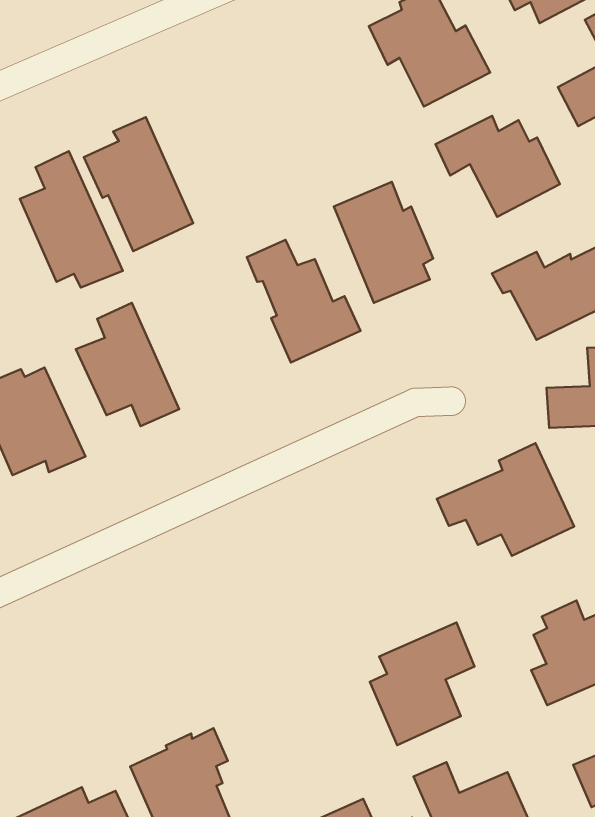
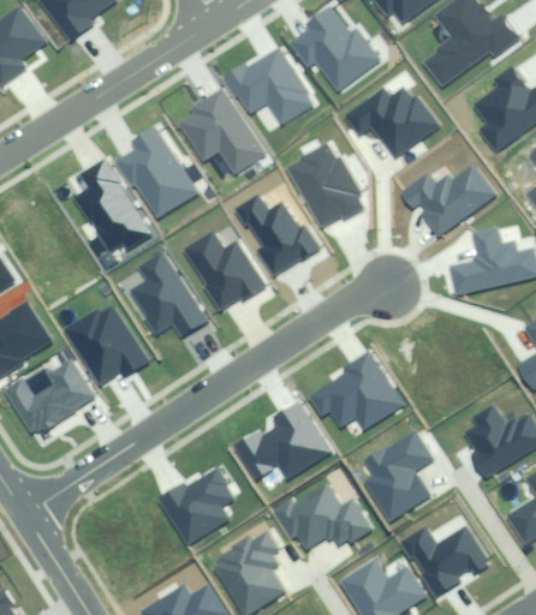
building: none -> [227,47,311,123]
building: none -> [184,89,266,172]
building: none -> [186,232,266,306]
building: [437,443,574,556] -> [310,351,405,429]
building: none -> [236,402,333,480]
building: none -> [162,470,236,543]
building: none -> [278,485,371,548]

